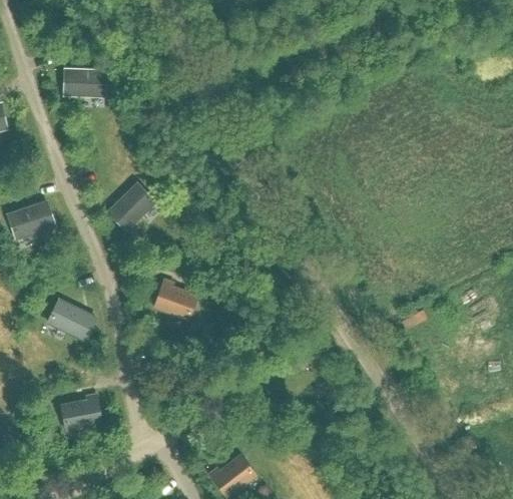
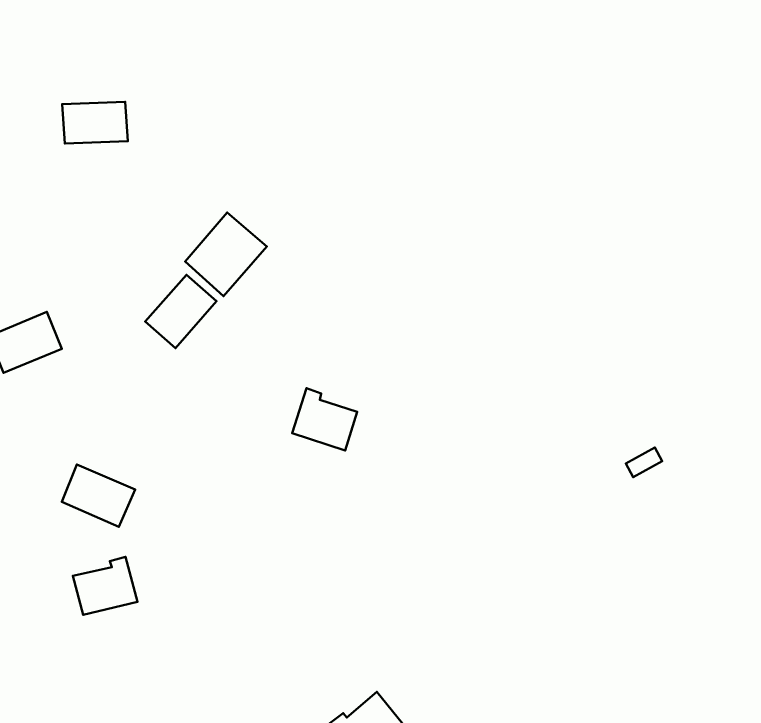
building: none -> [185,212,267,296]
building: [154,280,196,321] -> [292,388,357,450]
building: [61,395,101,430] -> [73,557,138,615]

